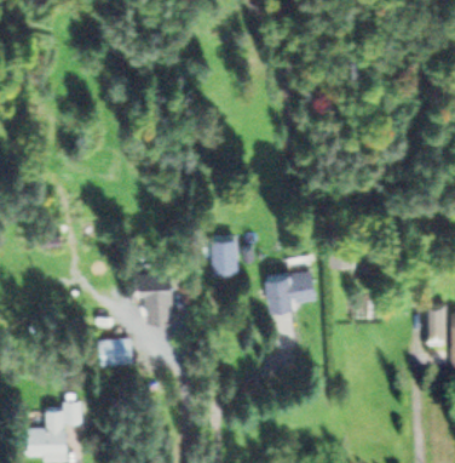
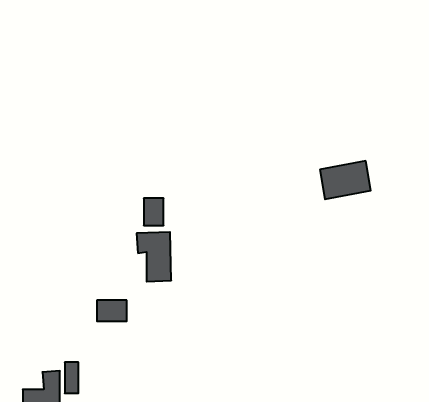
building: [213,244,232,270] -> [144,198,164,225]
building: [264,271,313,309] -> [320,161,371,199]

